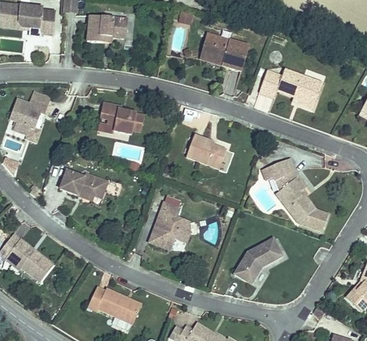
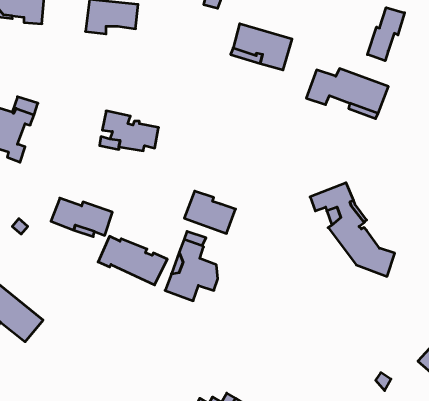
building: none -> [367,8,405,61]
building: [186,135,226,168] -> [184,191,236,233]
building: [235,238,282,283] -> none
building: [88,286,142,324] -> [98,236,167,285]

